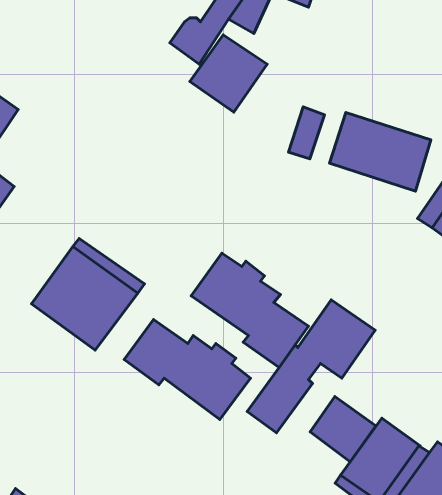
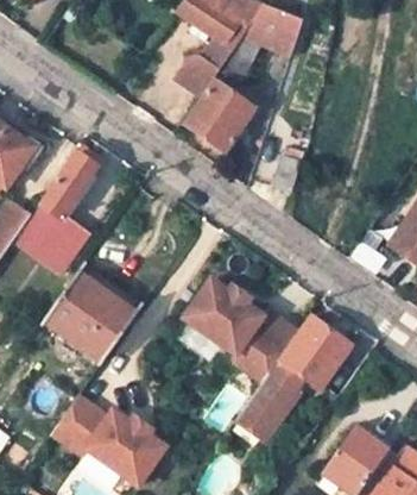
building: [329,112,431,191] -> none
building: none -> [26,153,99,262]
building: [124,320,251,419] -> [50,397,163,487]
building: [310,396,376,462] -> none

